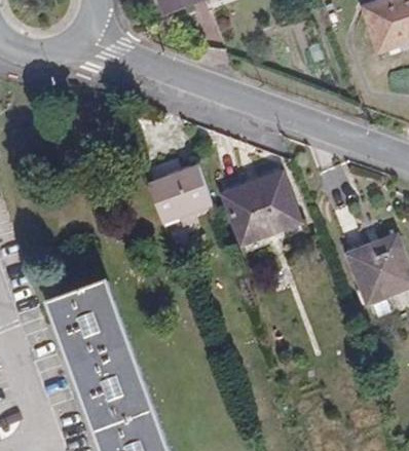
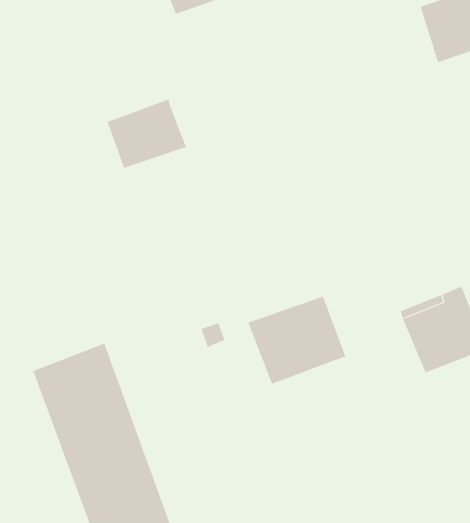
building: [147,165,212,222] -> [107,99,187,169]
building: [220,173,300,245] -> [247,296,346,385]

